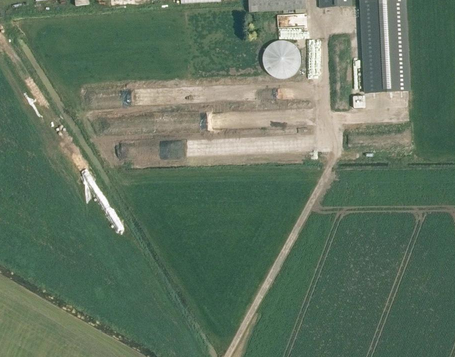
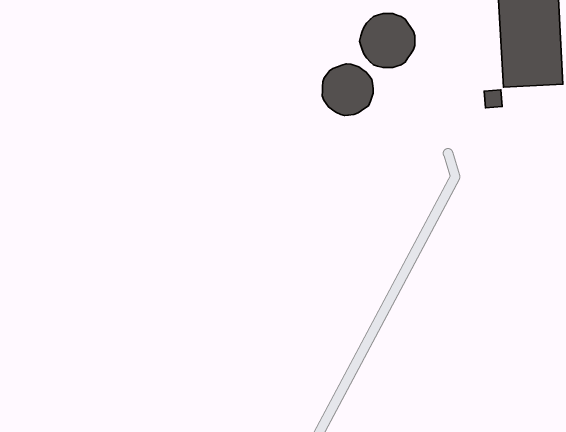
building: none -> [322,64,373,116]

